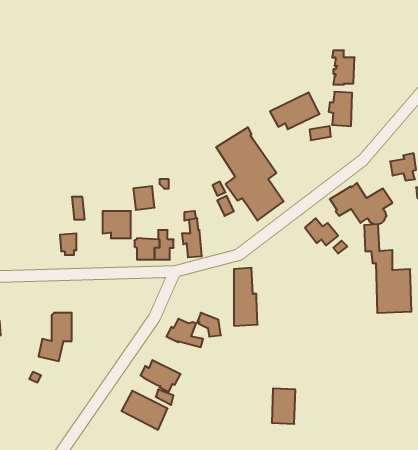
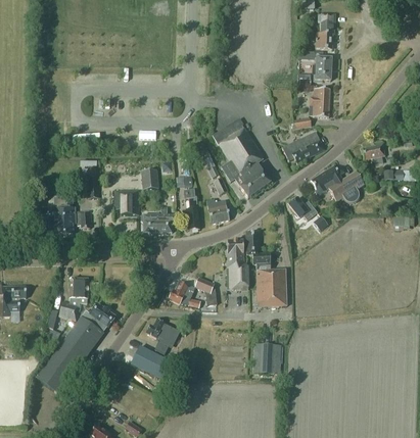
building: none -> [315,12,335,48]
building: [270,93,320,129] -> [281,131,324,162]
building: none -> [47,196,75,234]
building: none -> [205,198,229,223]
building: [364,224,411,313] -> [245,230,286,306]
building: none -> [37,302,115,392]

